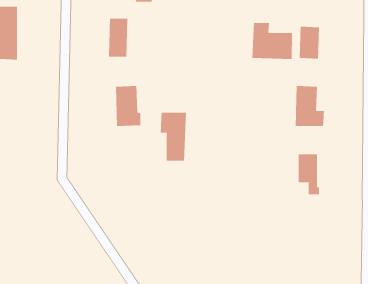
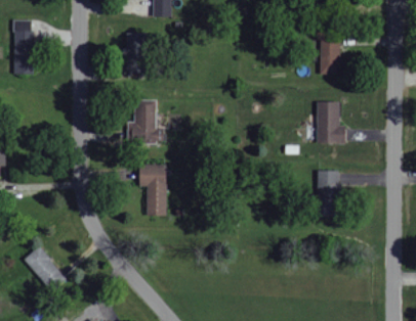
building: [252,22,293,60] -> none
building: [160,112,187,161] -> [139,165,167,215]
building: none -> [24,245,67,291]

